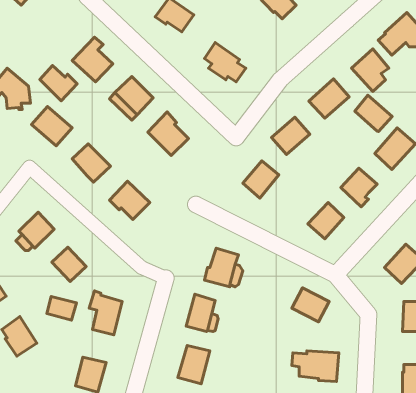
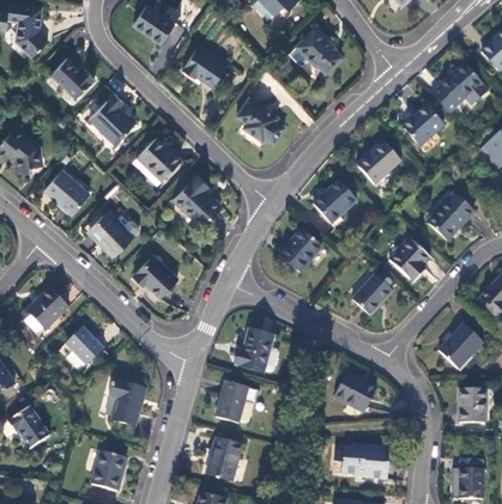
building: [40,66,77,101] -> [52,56,93,96]
building: [355,95,392,132] -> none
building: [47,297,77,320] -> none

